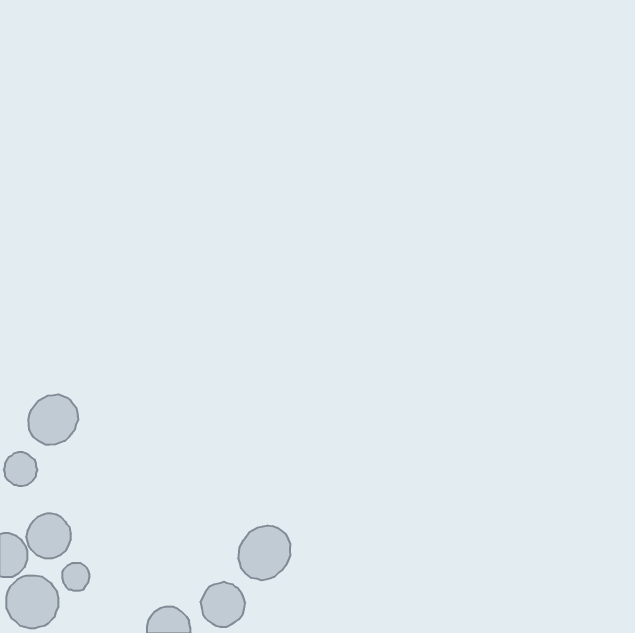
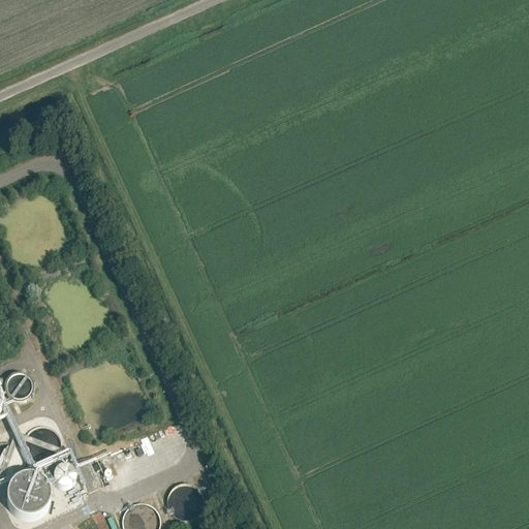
building: [28,394,78,445] -> none
building: [239,525,290,580] -> none

